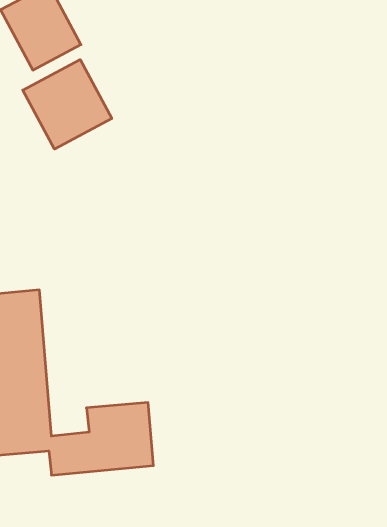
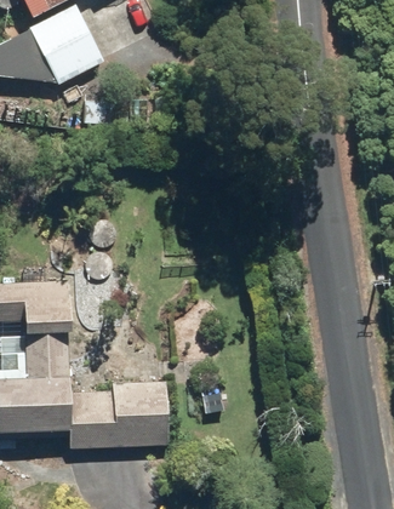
building: [23,60,112,149] -> none

